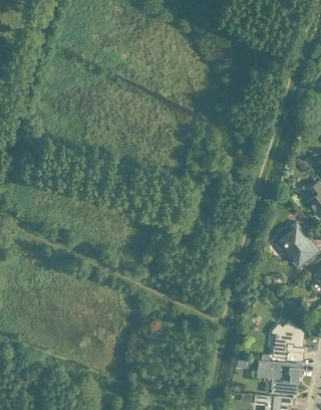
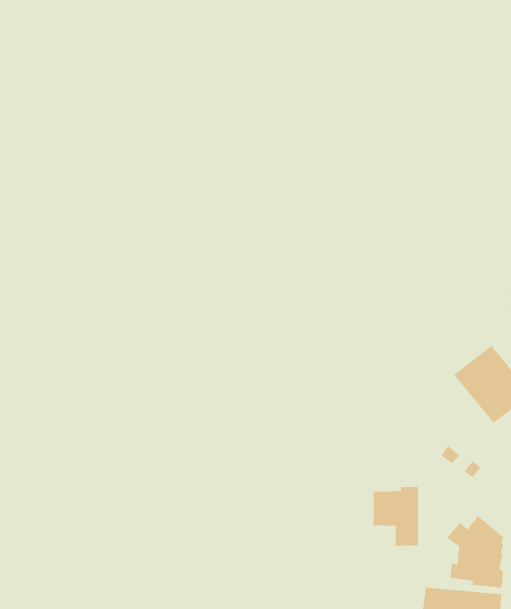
building: none -> [372,486,419,547]

